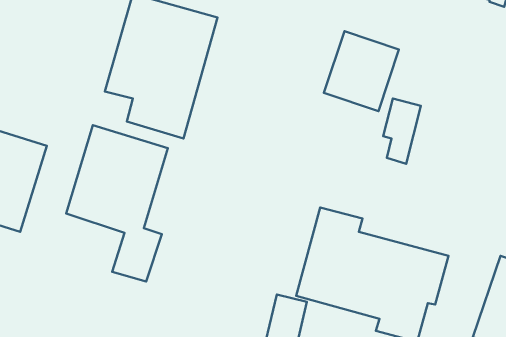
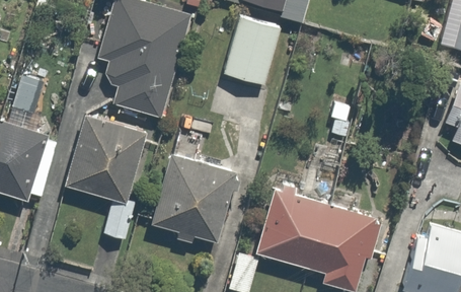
building: [324,31,399,111] -> [222,19,285,86]
building: none -> [147,132,235,243]

